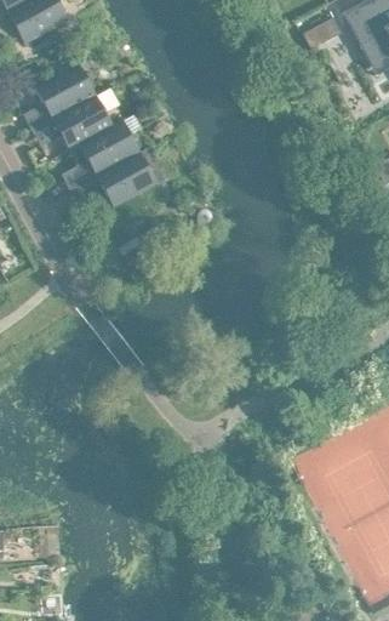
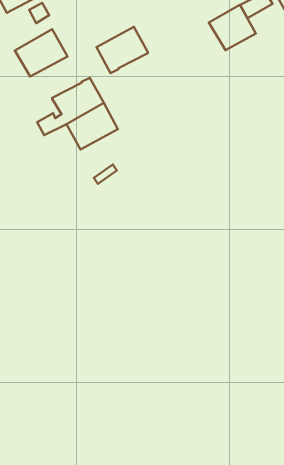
building: none -> [209,5,256,50]
building: [51,93,113,149] -> [96,27,148,73]

